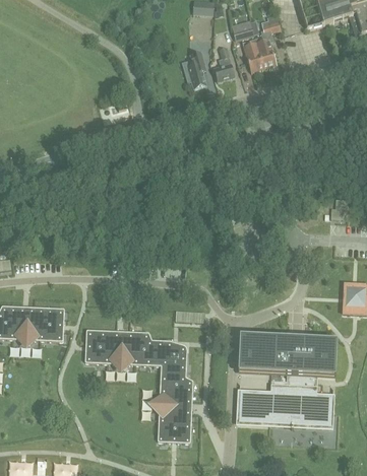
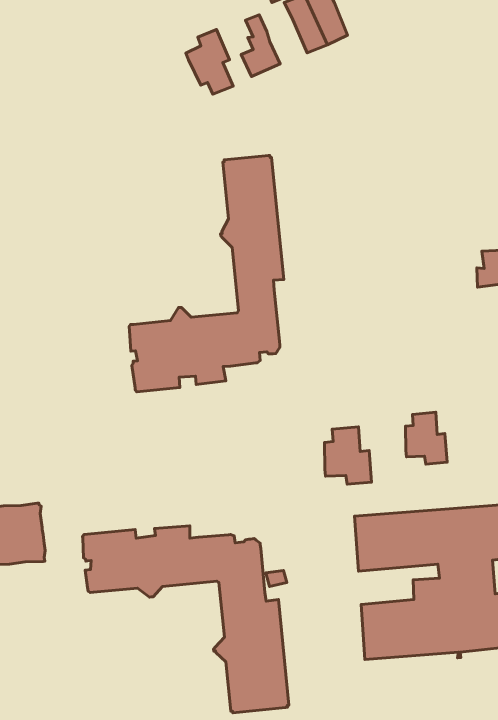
building: none -> [129,155,284,392]
building: none -> [405,412,447,464]
building: none -> [324,427,372,484]

